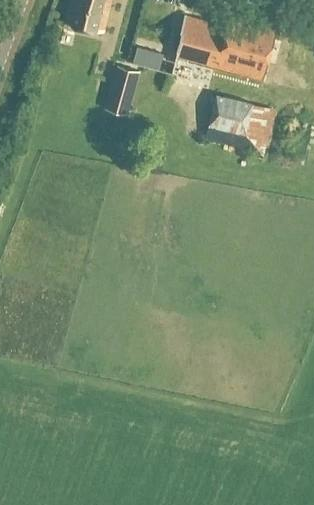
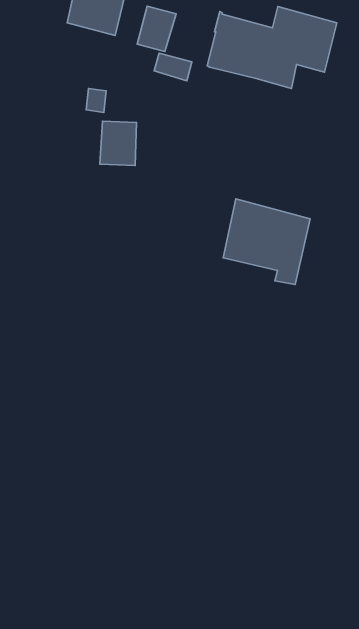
building: [112,64,143,100] -> [137,6,176,52]
building: [206,94,275,162] -> [223,199,310,284]

